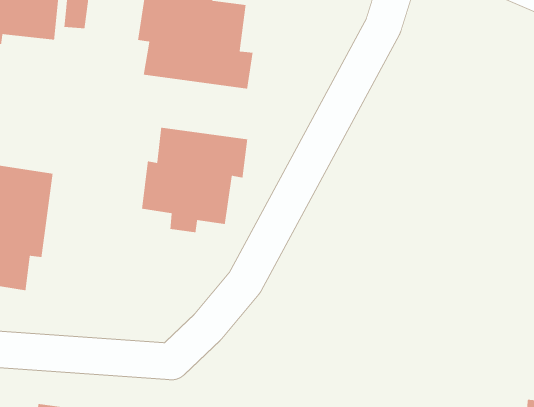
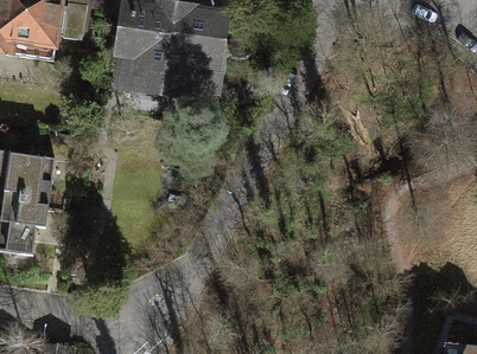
building: [141,127,248,233] -> none

